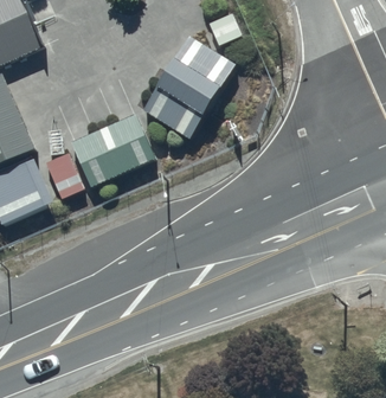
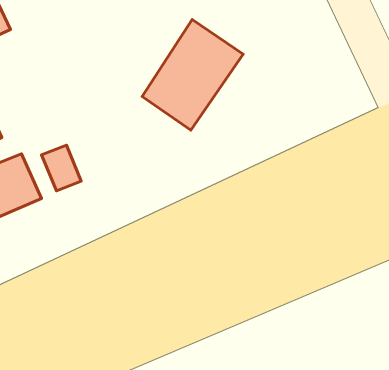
building: [78,114,161,185] -> none

